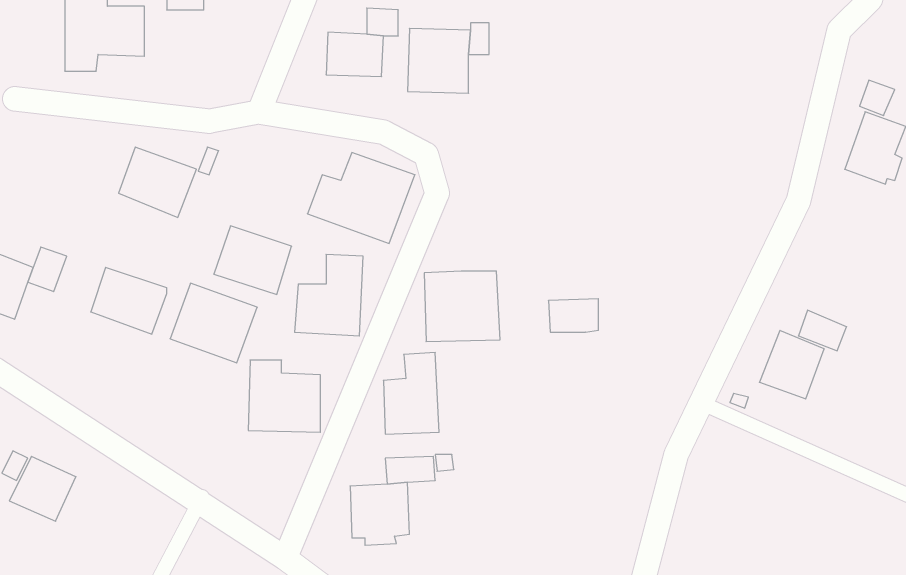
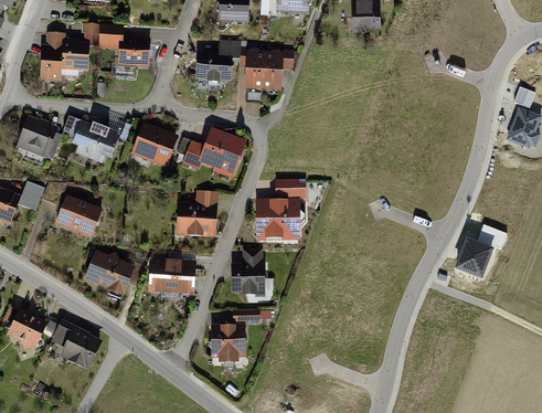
building: none -> [118,45,149,66]
building: none -> [19,120,56,158]
building: [214,226,292,294] -> [131,126,178,167]
building: [170,283,257,363] -> [82,252,134,299]
building: [548,299,598,332] -> [275,179,305,199]
building: none -> [49,316,105,372]

